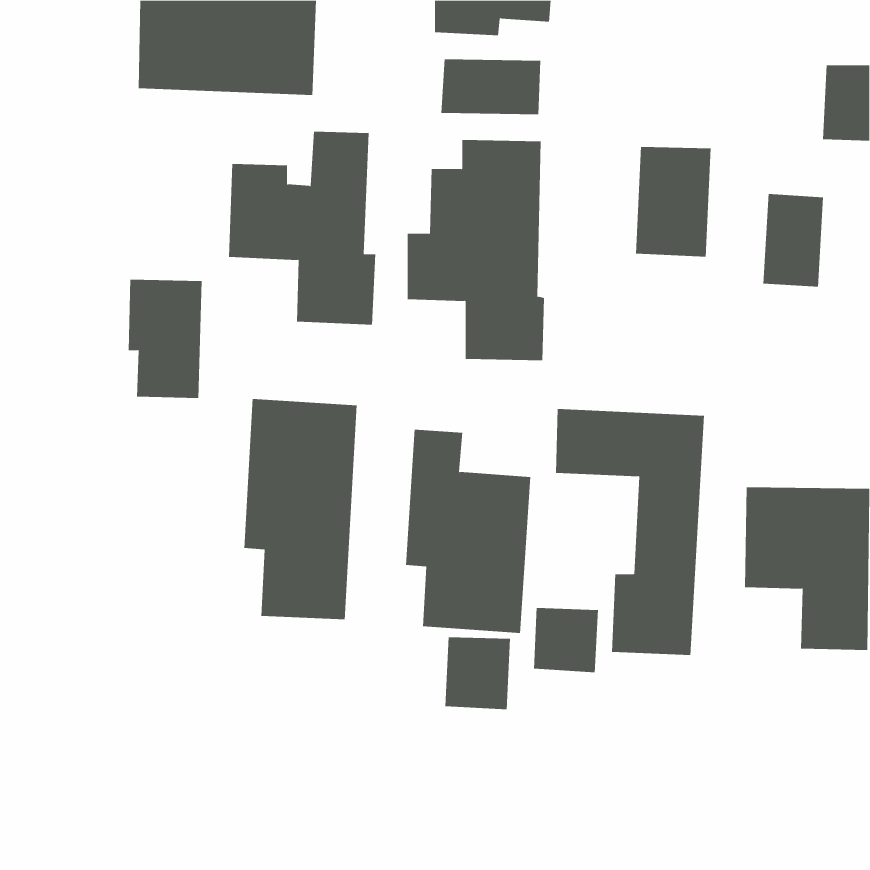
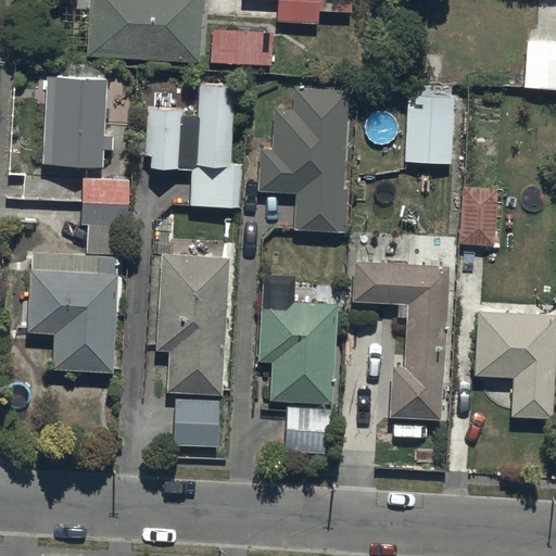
building: [441,59,541,115] -> [208,28,273,64]
building: none -> [46,78,115,167]
building: [763,194,824,287] -> [459,187,498,247]
building: none -> [26,253,117,372]
building: [533,607,598,673] -> none
building: none -> [175,400,218,445]

